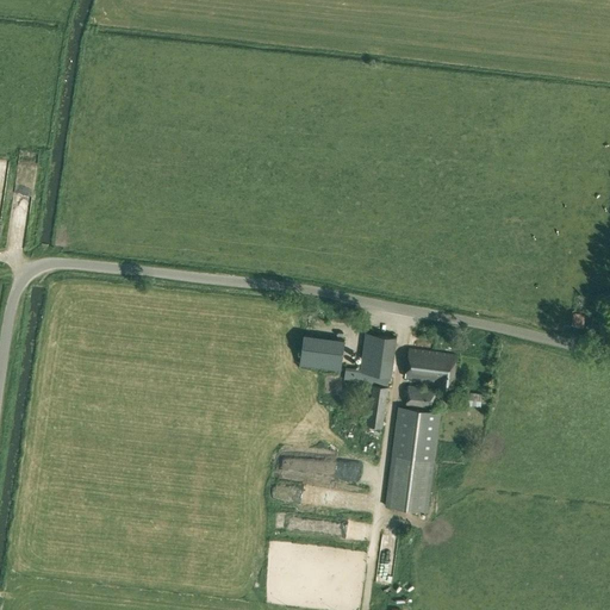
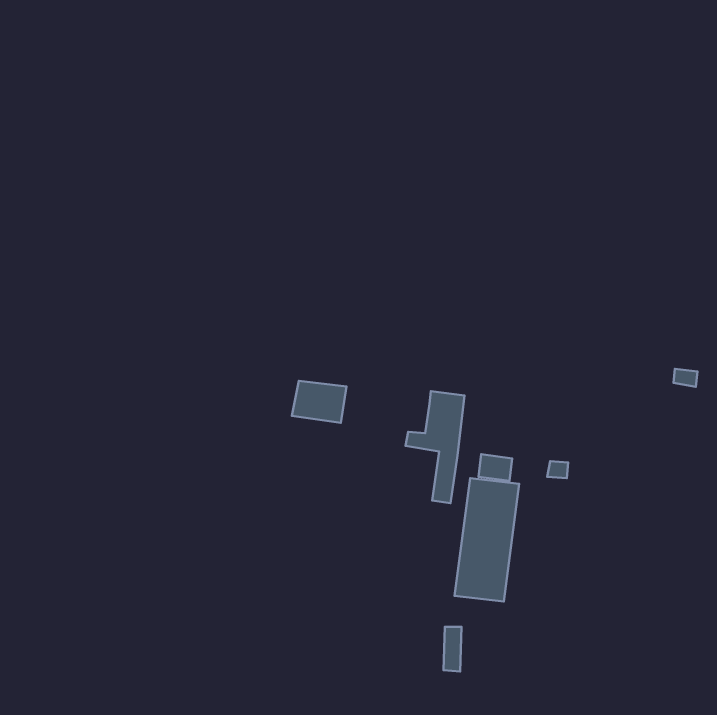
building: [299,336,346,372] -> [292,381,346,423]
building: [406,350,456,387] -> none

